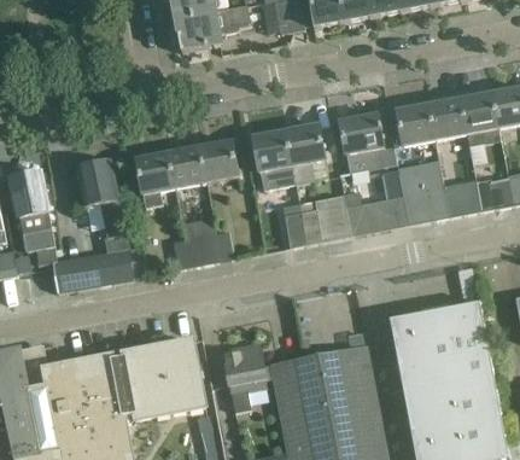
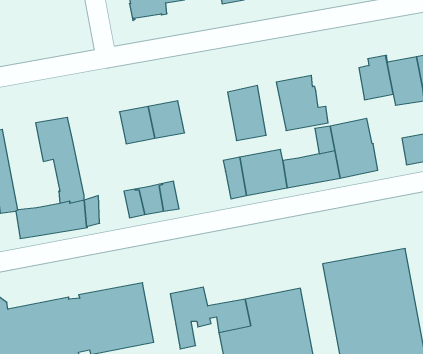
building: [390,104,436,147] -> none
building: [253,130,296,190] -> none
building: [135,152,175,208] -> none
building: [445,181,481,216] -> none

